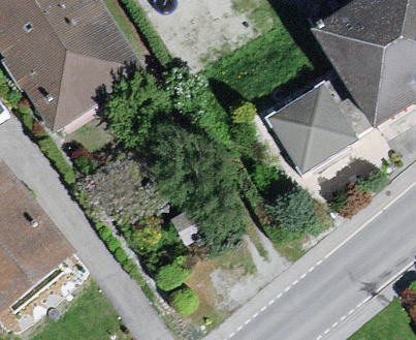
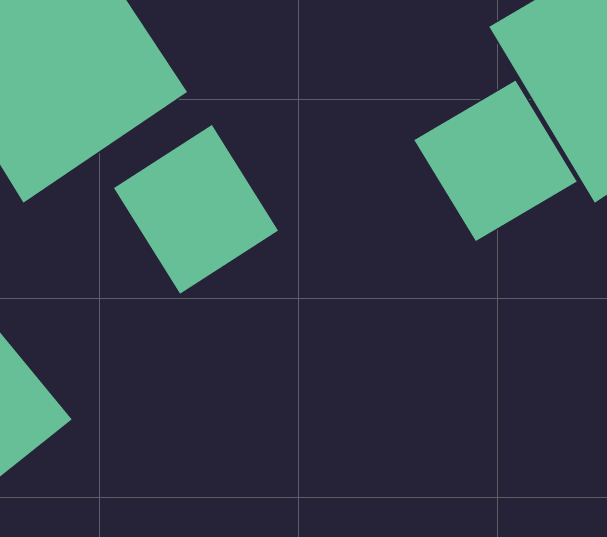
building: none -> [113,124,279,295]

